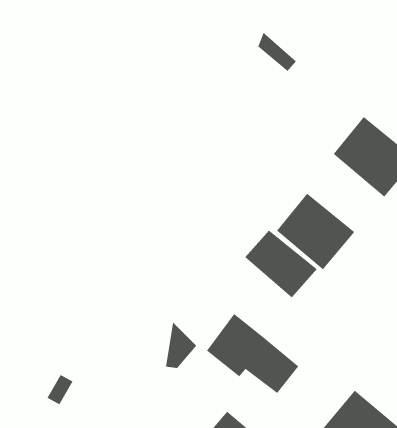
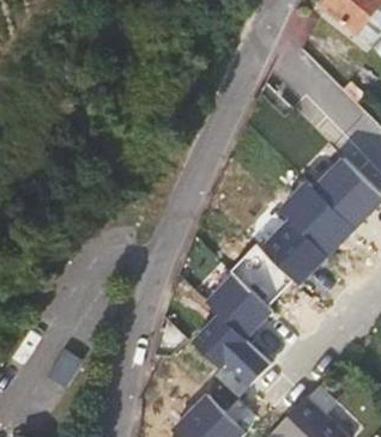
building: none -> [279,180,355,254]
building: none -> [206,273,271,338]

